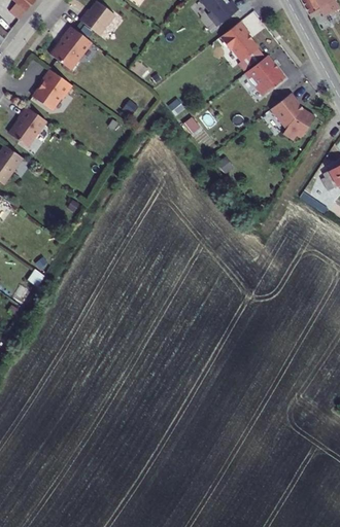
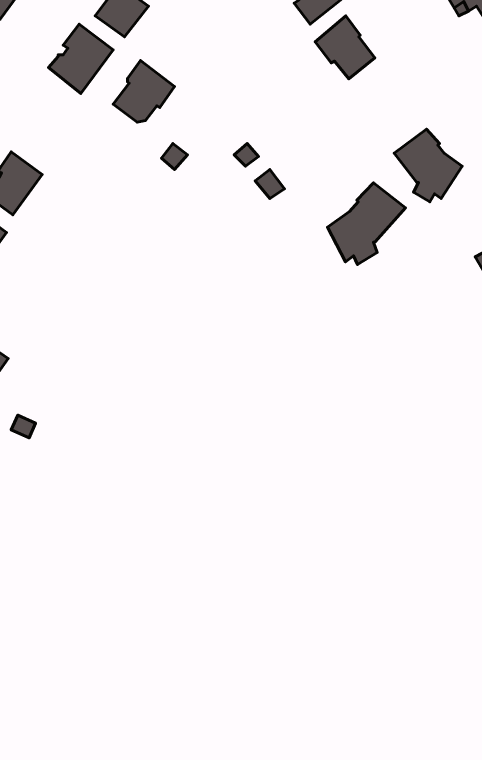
building: [246,55,284,93] -> none
building: [32,68,71,107] -> [113,61,174,122]
building: none -> [327,183,406,265]

